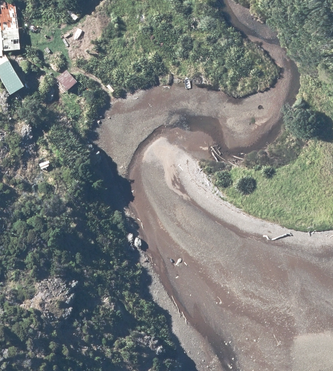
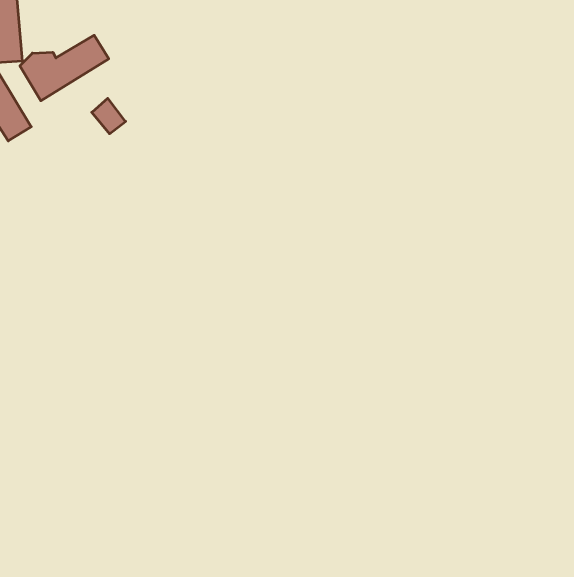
building: none -> [20,35,109,101]

